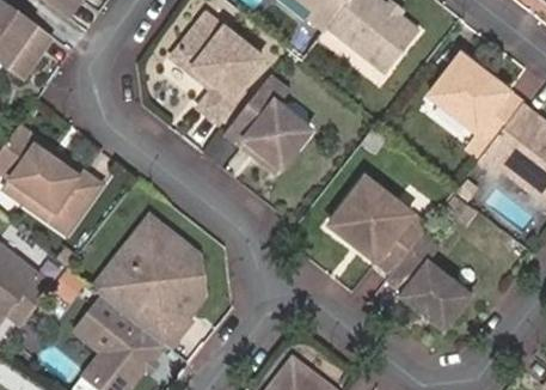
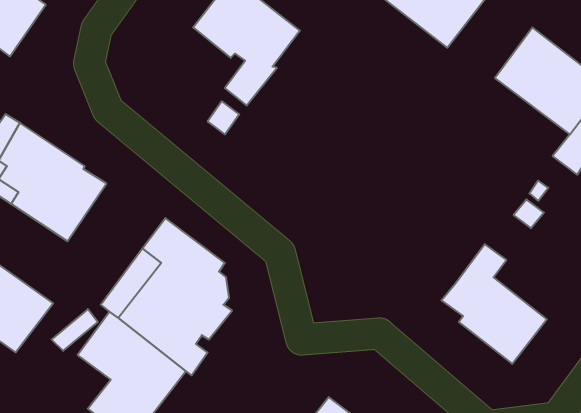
building: [228,73,313,169] -> none
building: [325,178,423,266] -> none

